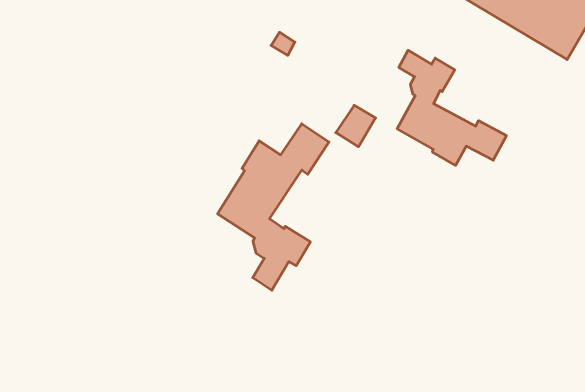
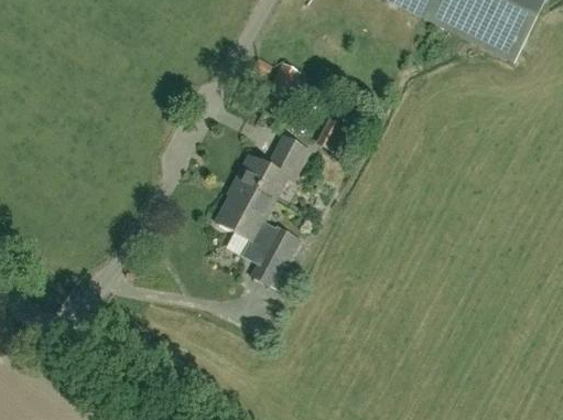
building: [397,50,506,165] -> none

